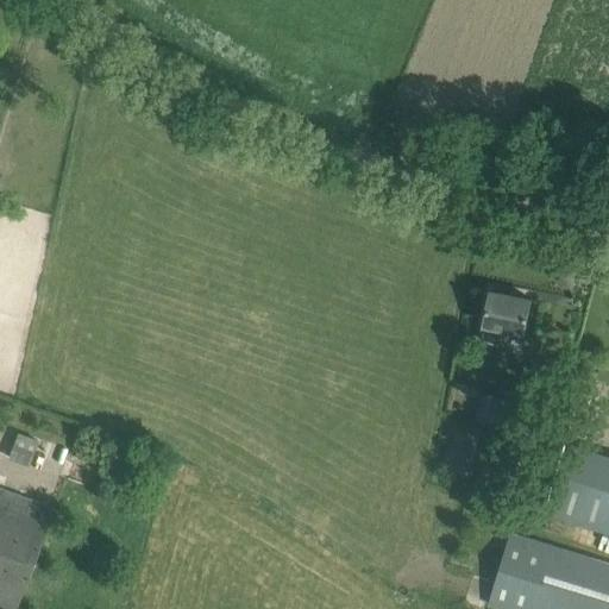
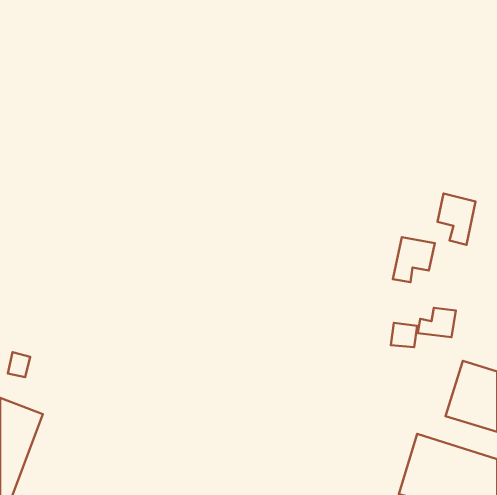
building: none -> [438,194,475,245]
building: none -> [418,308,456,337]

